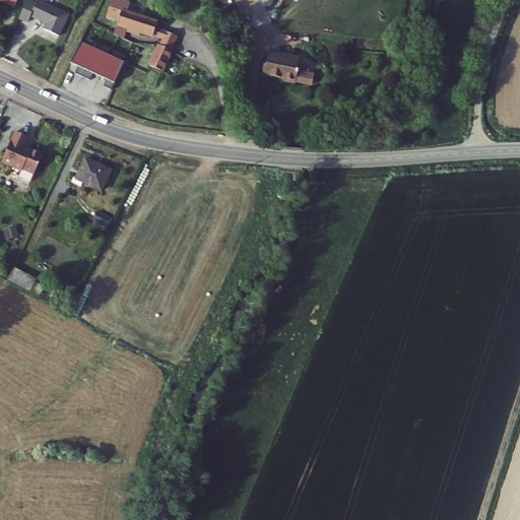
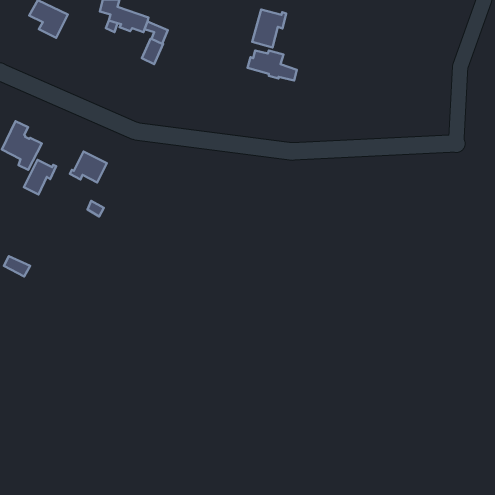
building: none -> [252,9,286,47]
building: [73,39,124,86] -> none
building: none -> [24,160,56,194]

